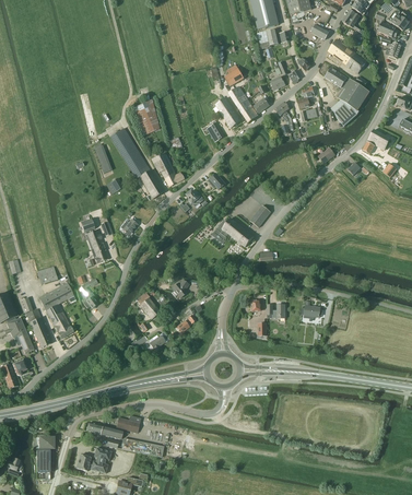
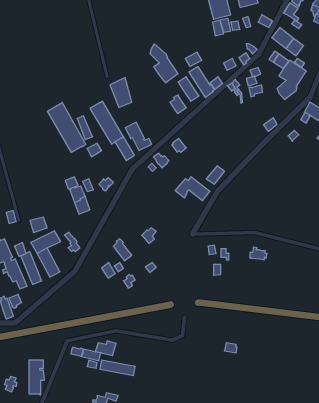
building: none -> [150,44,178,83]
building: none -> [47,102,86,152]
building: [76,448,111,473] -> none

